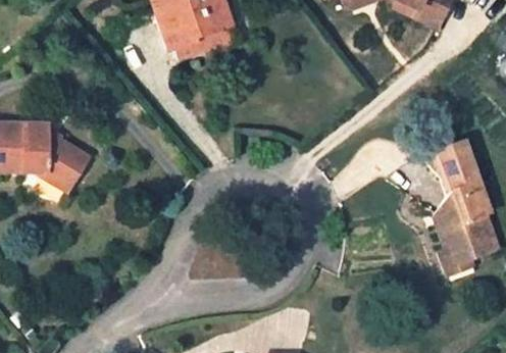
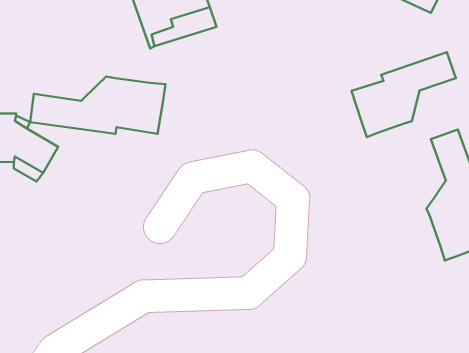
building: none -> [352,52,456,137]
building: none -> [30,76,166,134]

